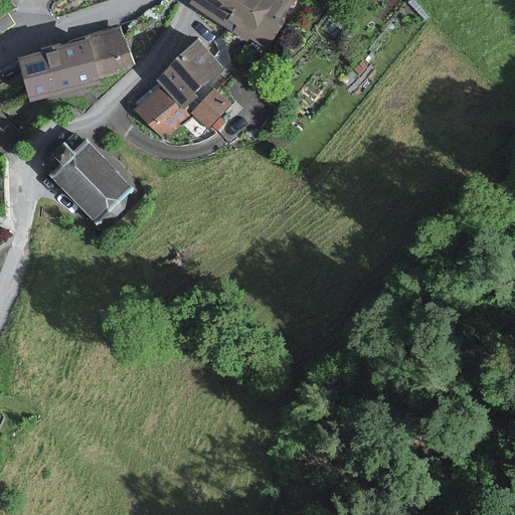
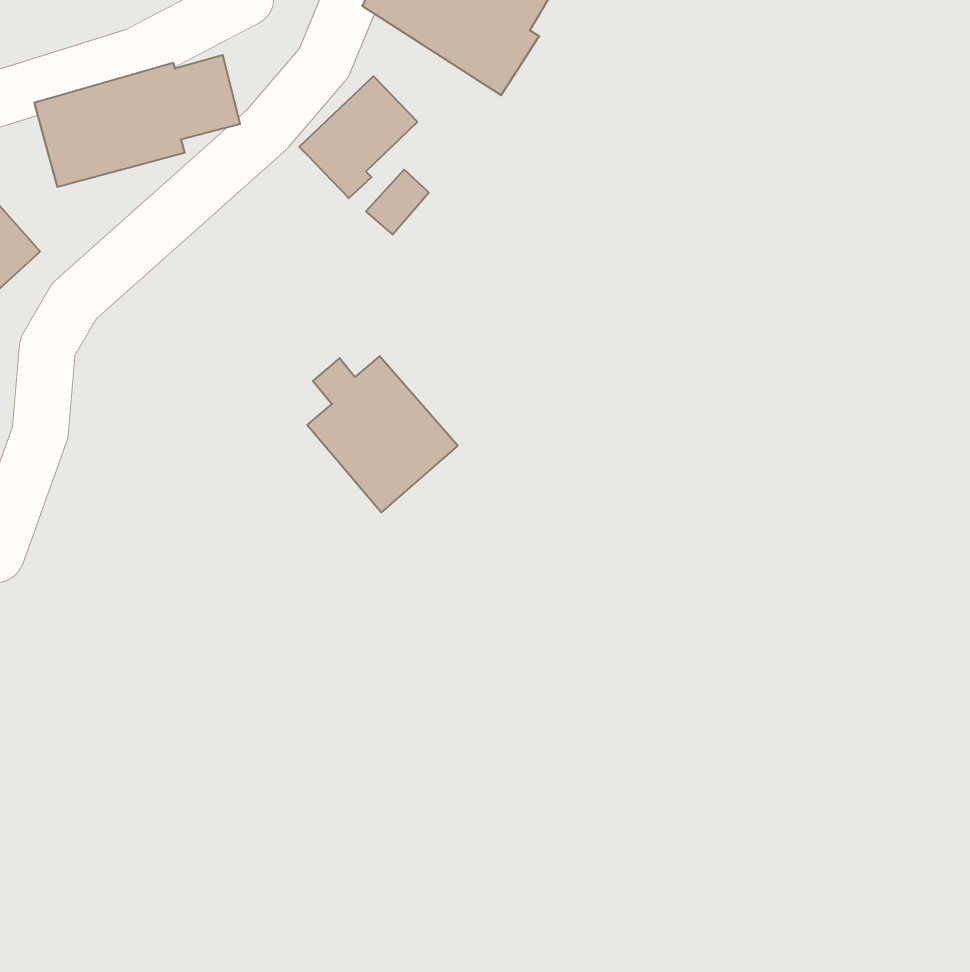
building: [136,81,190,136] -> none
building: [52,142,132,224] -> [307,356,458,512]

